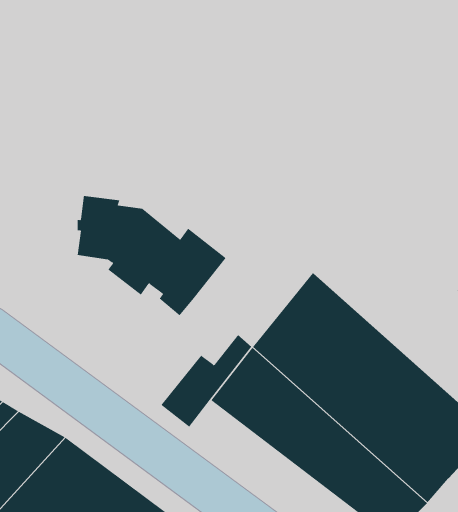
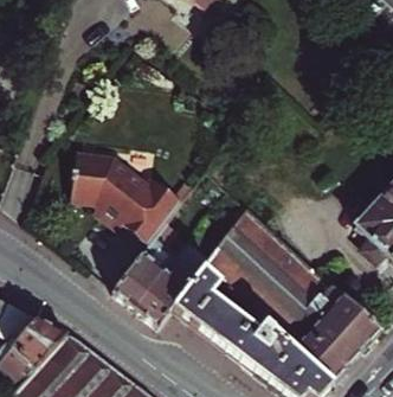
building: none -> [111,232,172,310]

